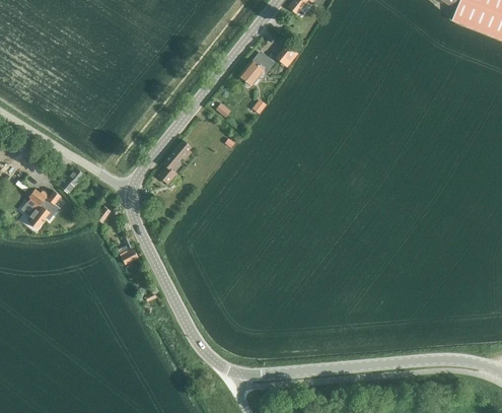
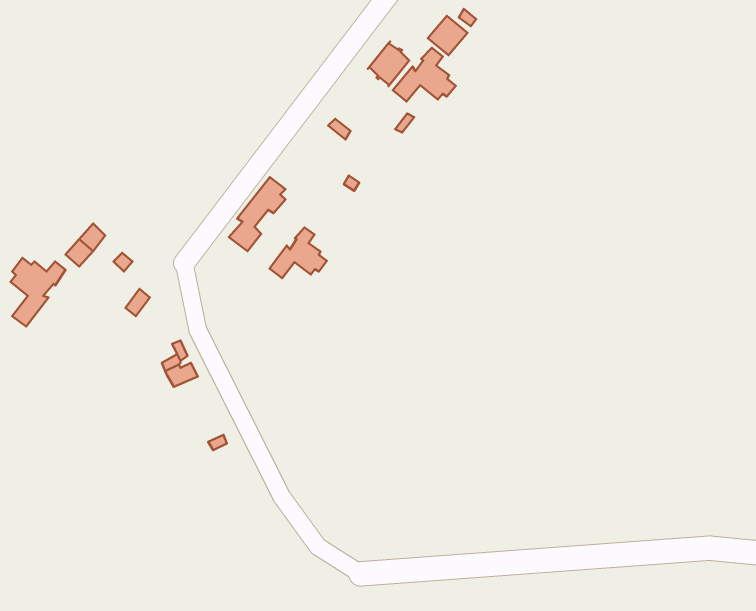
building: none -> [393,48,456,101]
building: none -> [270,227,327,278]

